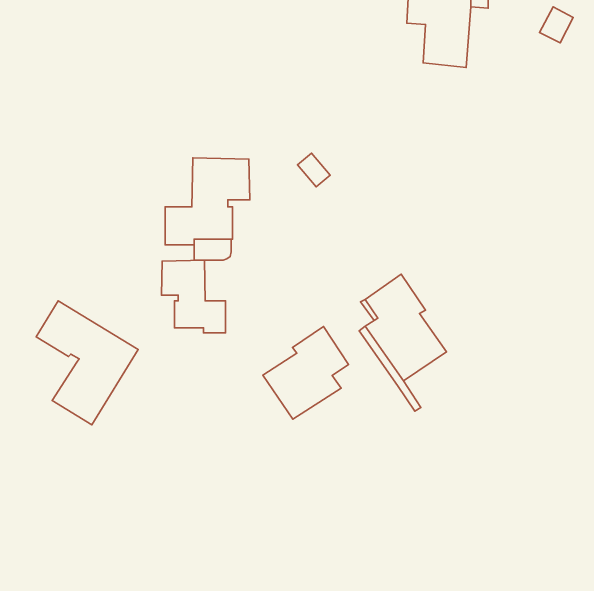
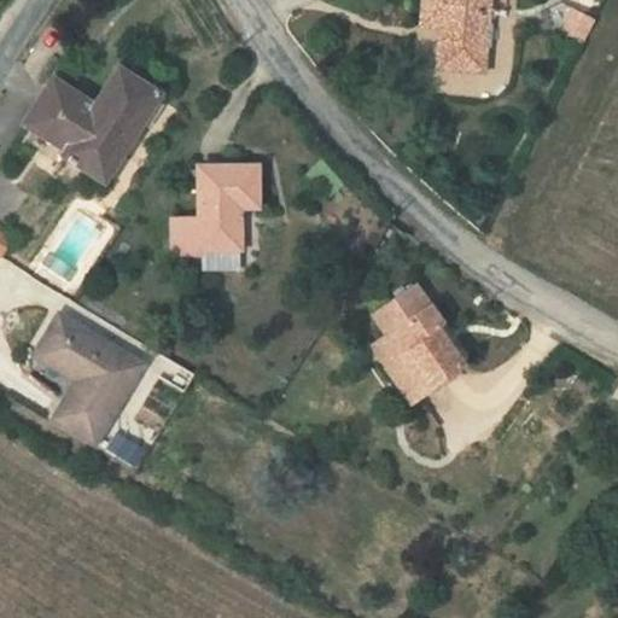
building: none -> [28,69,161,180]
building: [161,260,226,333] -> none
building: [263,327,348,419] -> none

